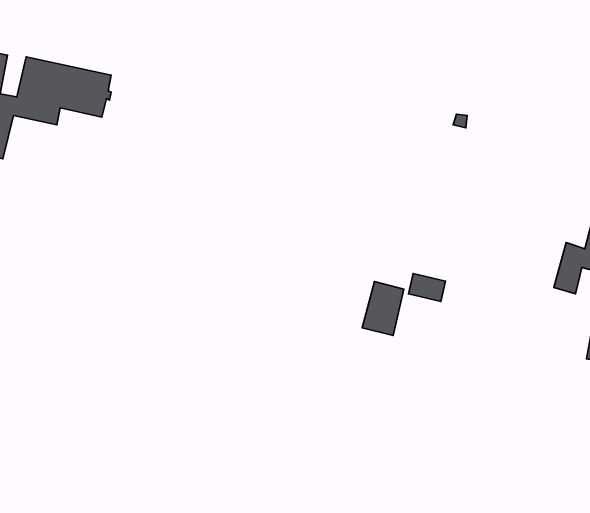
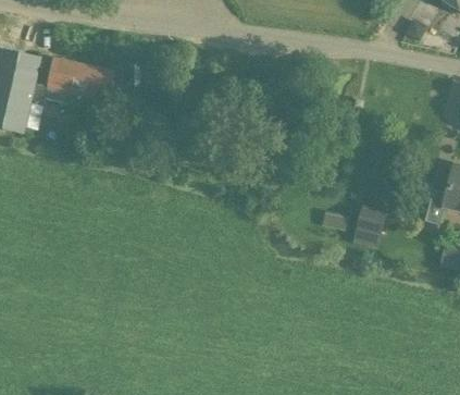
building: [362,281,404,336] -> [356,207,385,245]

